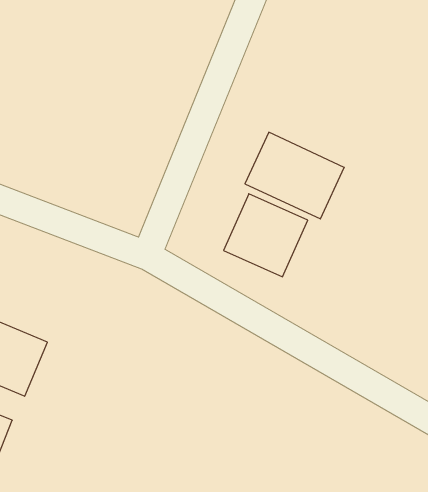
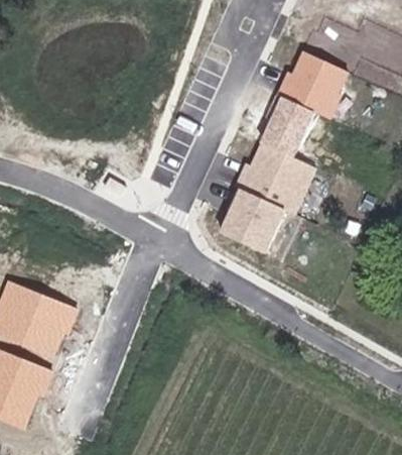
building: none -> [281,50,348,113]
building: none -> [261,97,315,155]

